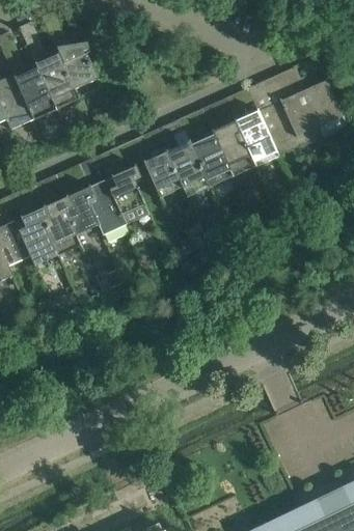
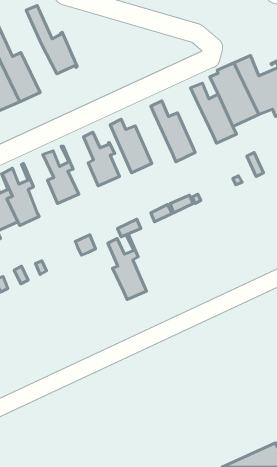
building: [19,23,80,110] -> none
building: [203,110,251,168] -> none
building: [159,130,207,190] -> none
building: [83,160,127,233] -> [108,234,147,299]
building: [38,179,77,245] -> none

